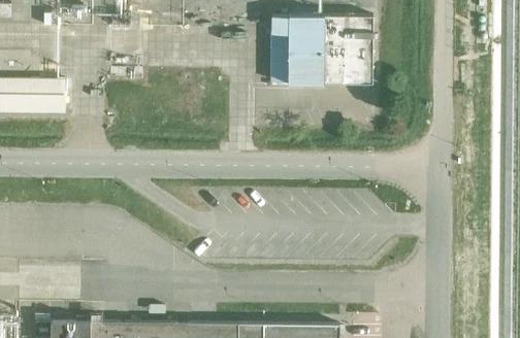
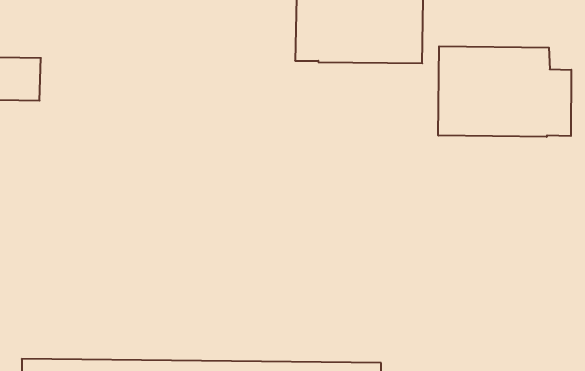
building: none -> [438,46,571,137]

